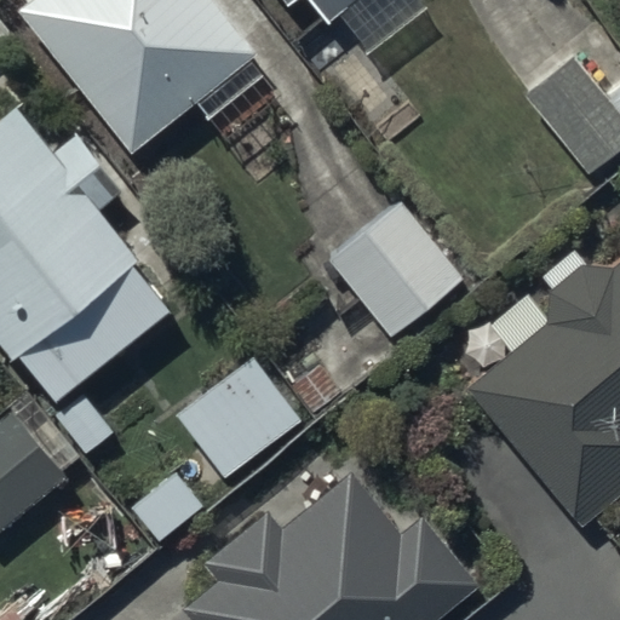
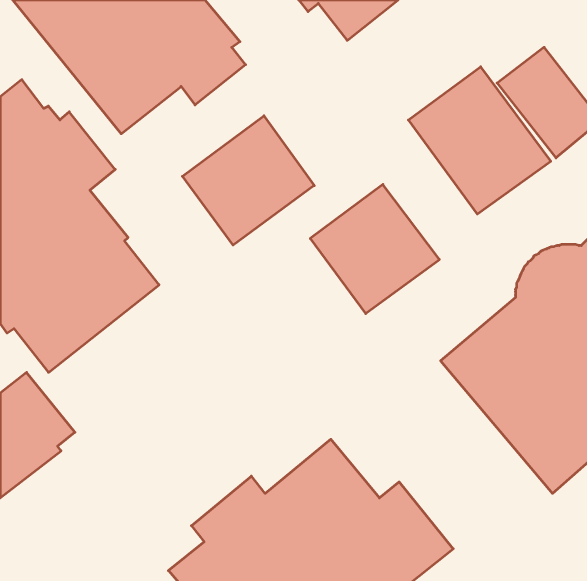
building: none -> [408,67,551,214]
building: none -> [182,116,314,245]
building: [174,355,302,478] -> none

